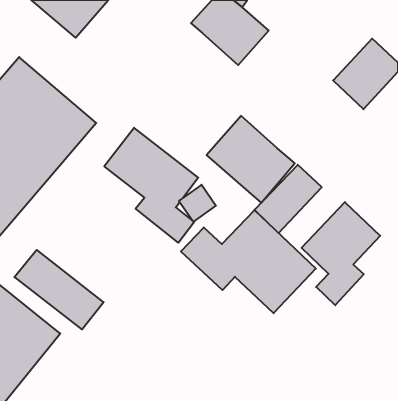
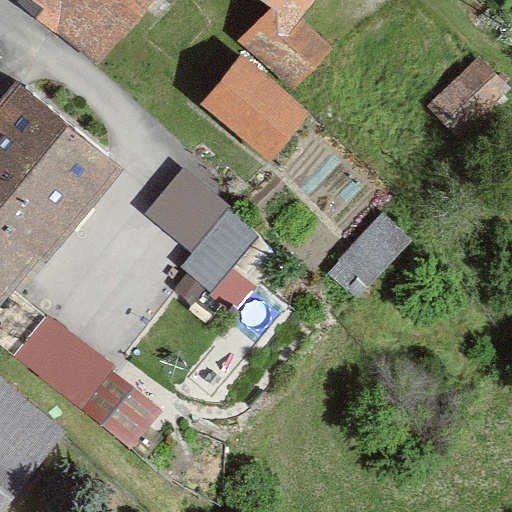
building: [207,116,295,203] -> [209,53,319,161]
building: [302,202,380,305] -> none
building: [181,210,316,313] -> none

